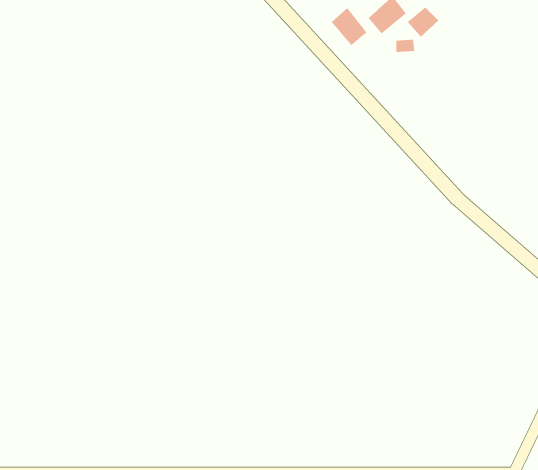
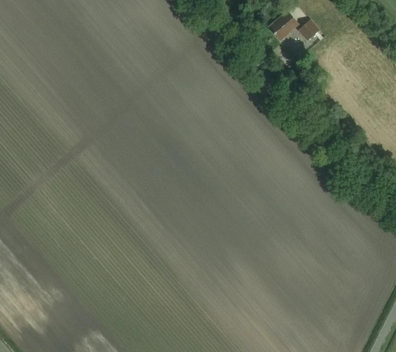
building: [331,7,368,46] -> none

